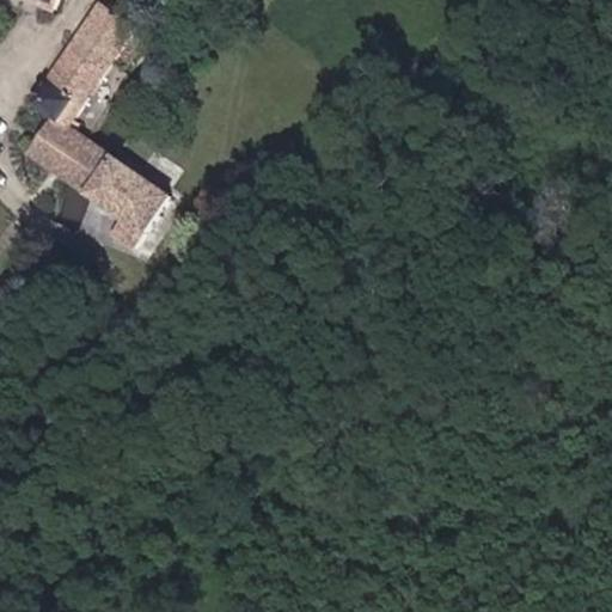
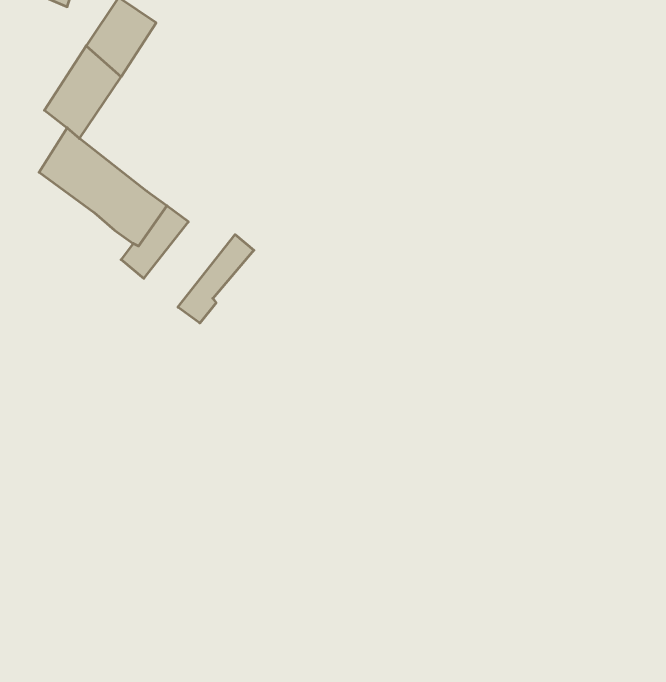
building: none -> [178,235,254,323]

